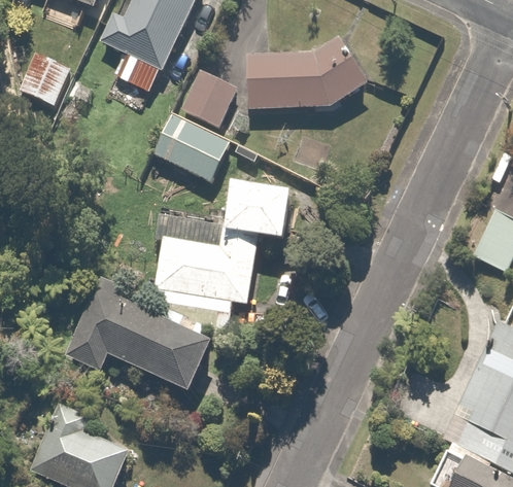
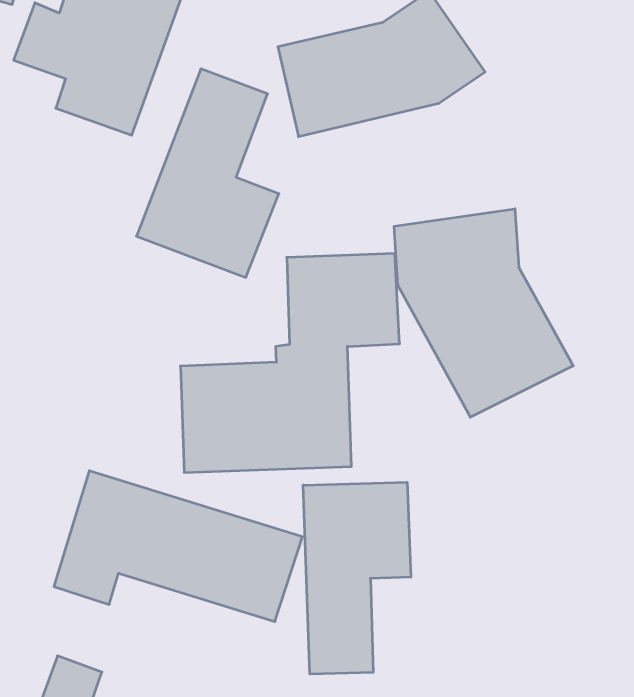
building: none -> [394,209,573,417]
building: none -> [303,482,411,674]

